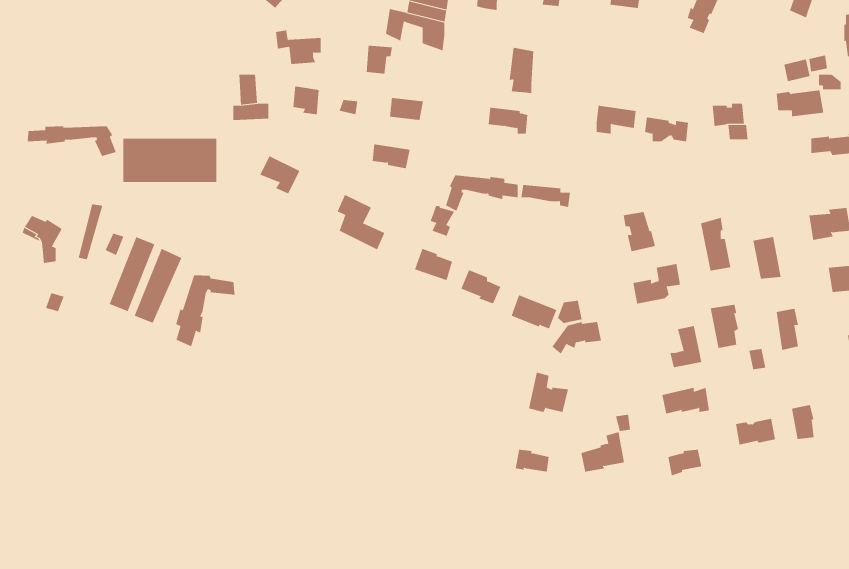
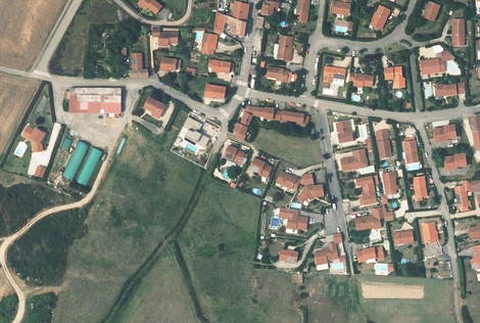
building: [27,125,116,157] -> none
building: [175,275,235,347] -> none

